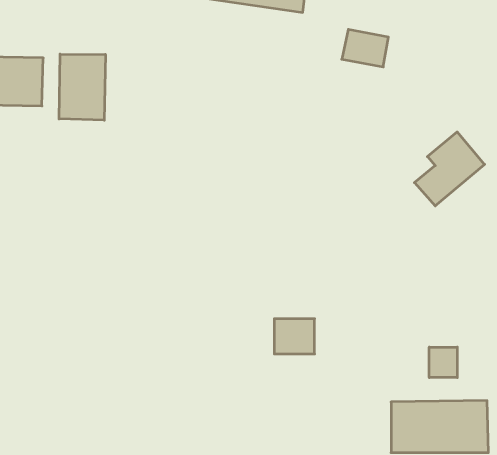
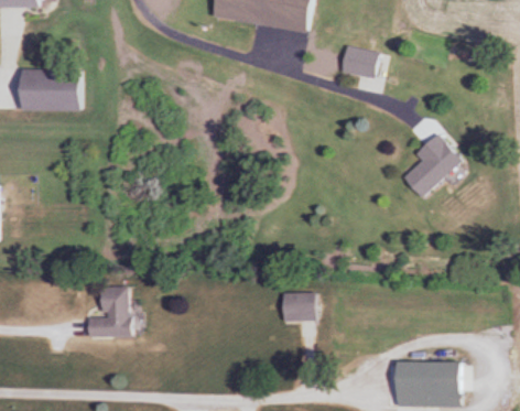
building: [59,54,105,120] -> none
building: none -> [90,286,134,337]
building: [429,347,457,378] -> none

